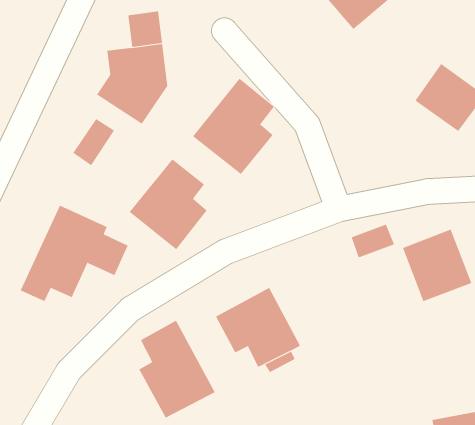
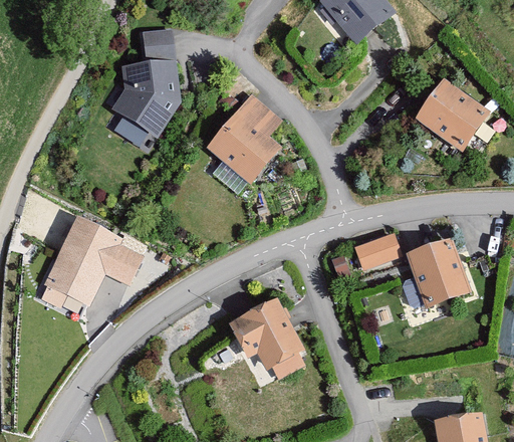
building: [73,118,115,166] -> none
building: [129,159,208,250] -> none
building: [139,320,216,419] -> none

